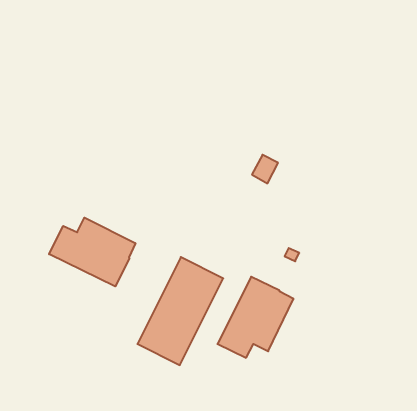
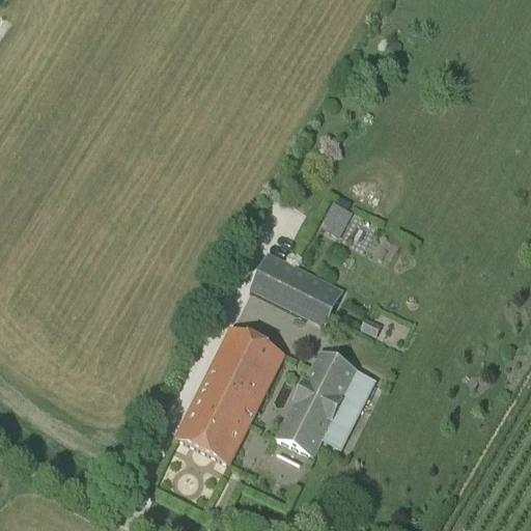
building: none -> [249,251,341,325]
building: [49,218,135,286] -> none

